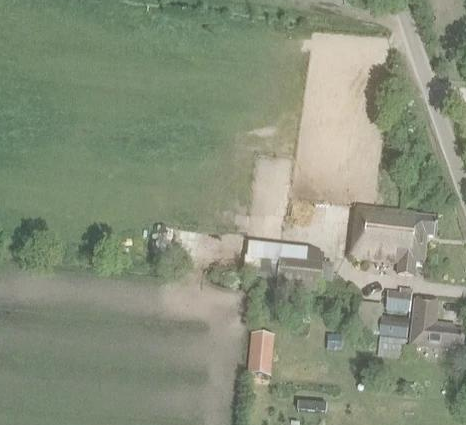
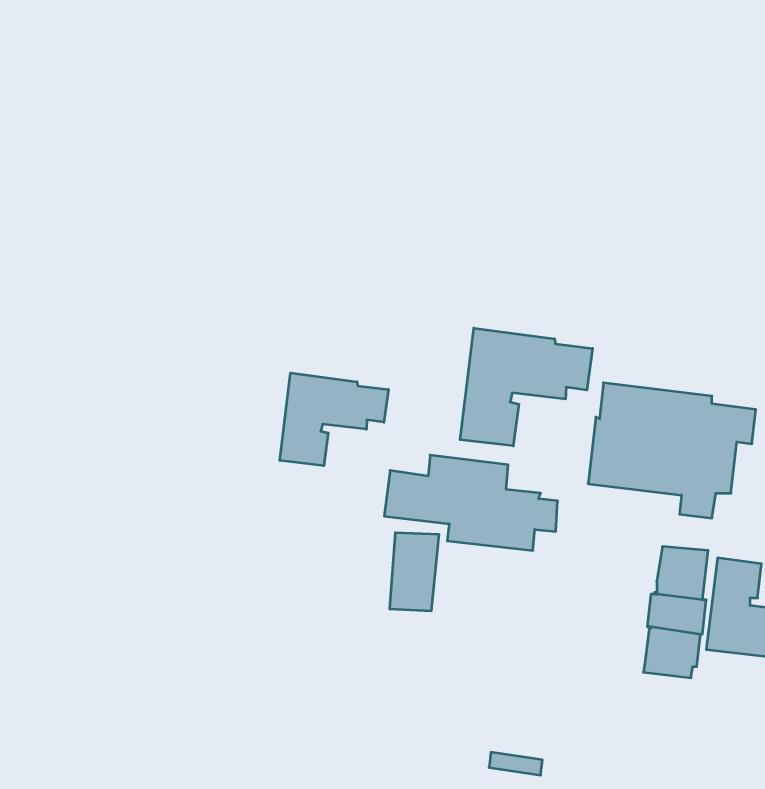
building: none -> [460,328,593,446]
building: none -> [280,373,388,466]
building: [248,332,274,373] -> [390,533,439,611]

